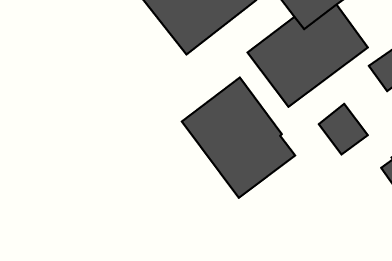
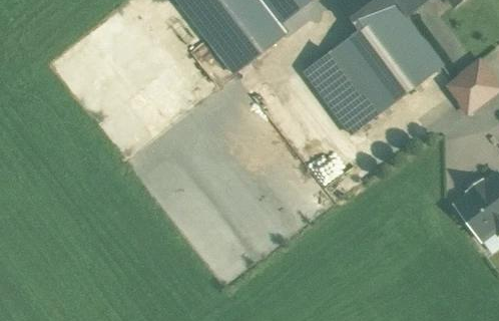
building: [182,77,295,198] -> none
building: [319,104,368,154] -> none

